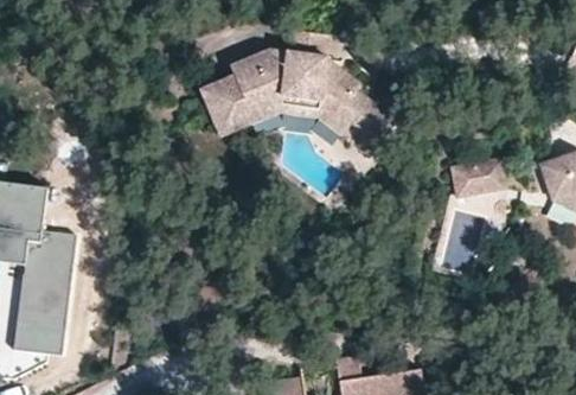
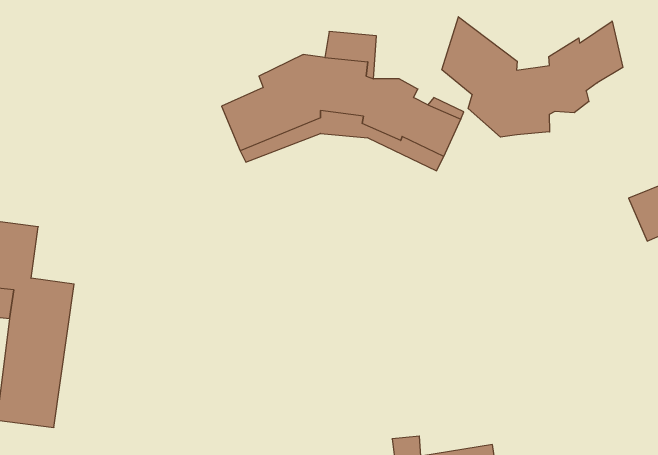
building: none -> [442,17,623,137]
building: [452,165,507,199] -> none

